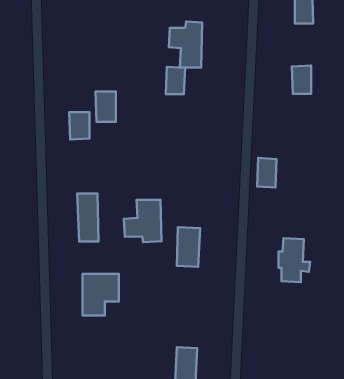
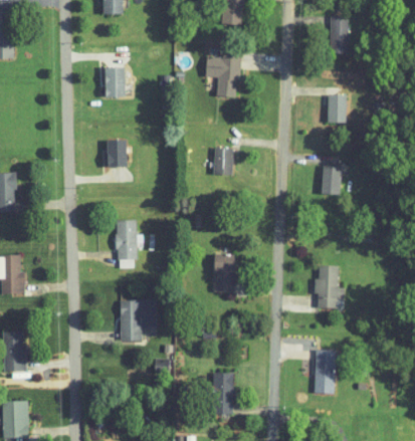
building: [166,67,185,94] -> [213,148,232,175]
building: [96,91,116,122] -> [105,67,125,97]
building: [257,158,276,187] -> [322,166,341,195]
building: [124,200,161,242] -> none
building: none -> [315,350,336,394]

